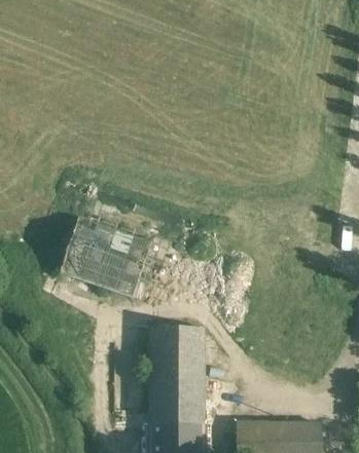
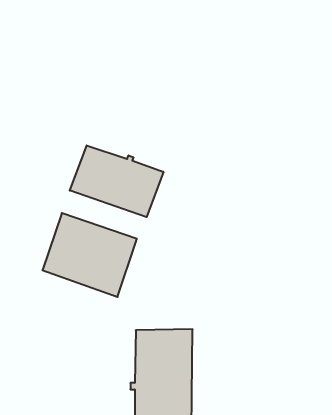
building: none -> [70,145,163,217]

